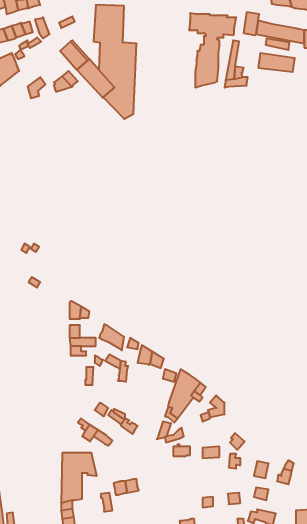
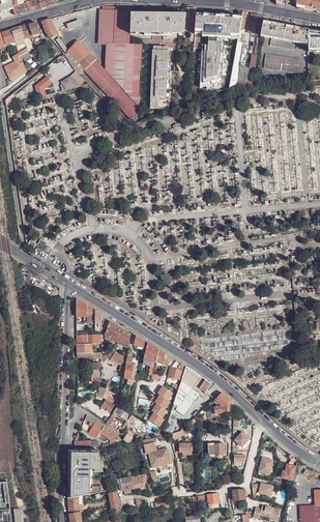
building: none -> [129,12,185,33]
building: none -> [149,46,168,109]
building: none -> [148,385,173,427]
building: none -> [143,441,171,466]

